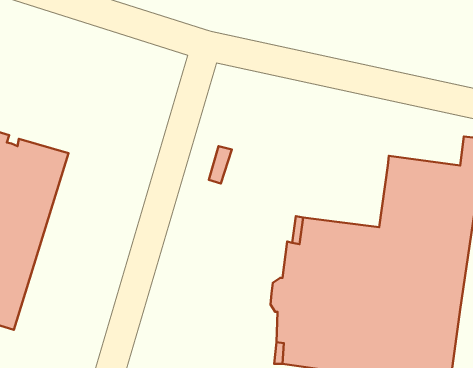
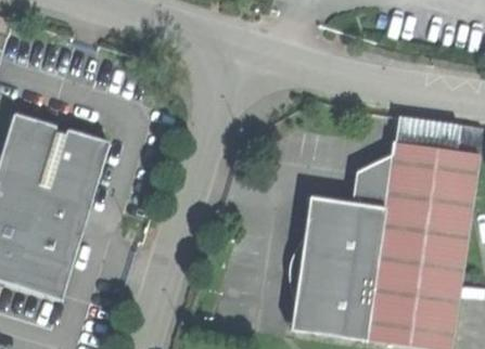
building: none -> [397,116,464,152]
building: none -> [353,152,396,207]

